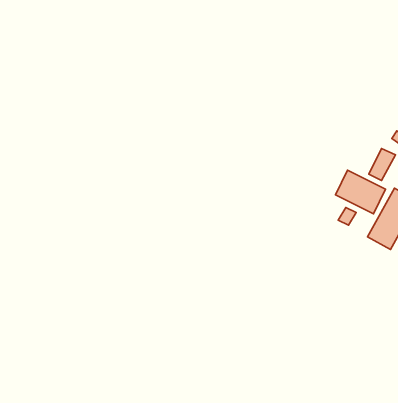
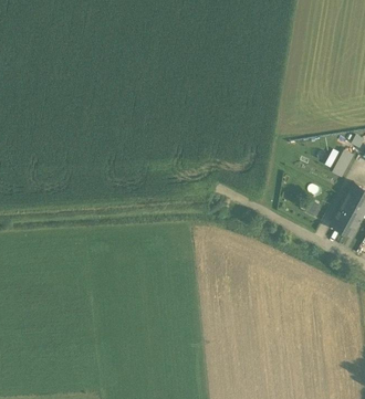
building: [335,170,386,214] -> none

